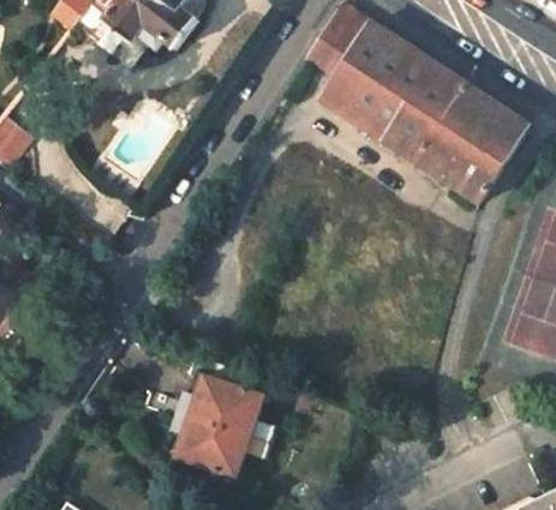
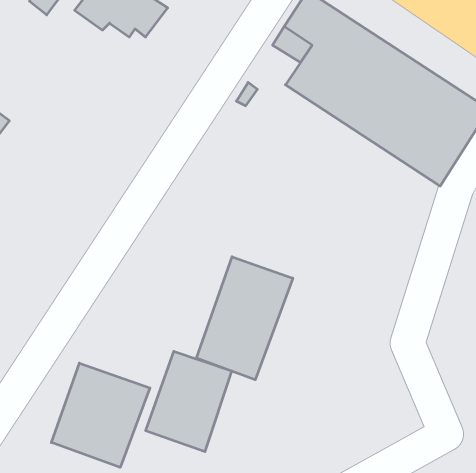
building: none -> [196,257,293,380]
building: none -> [51,363,150,467]

